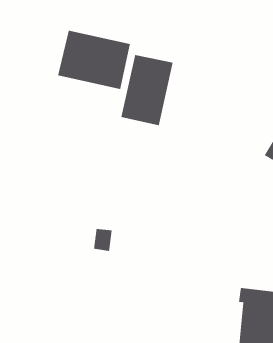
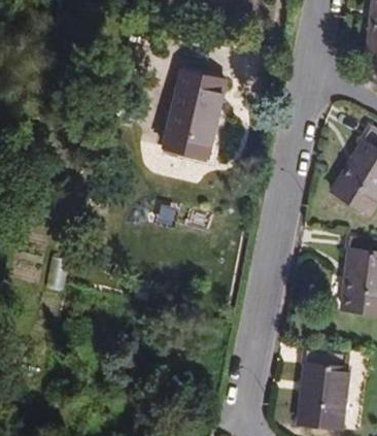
building: [57,30,131,90] -> none

